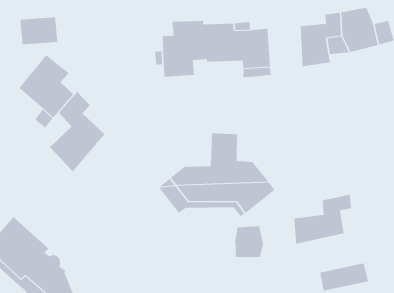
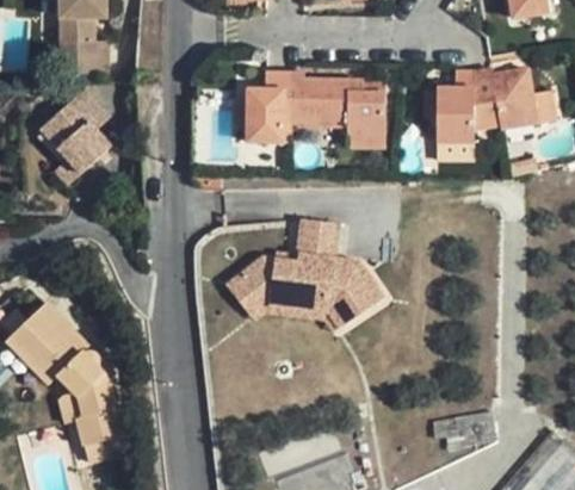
building: [49,91,105,172] -> none
building: [294,194,351,244] -> none
building: [235,226,263,258] -> none

